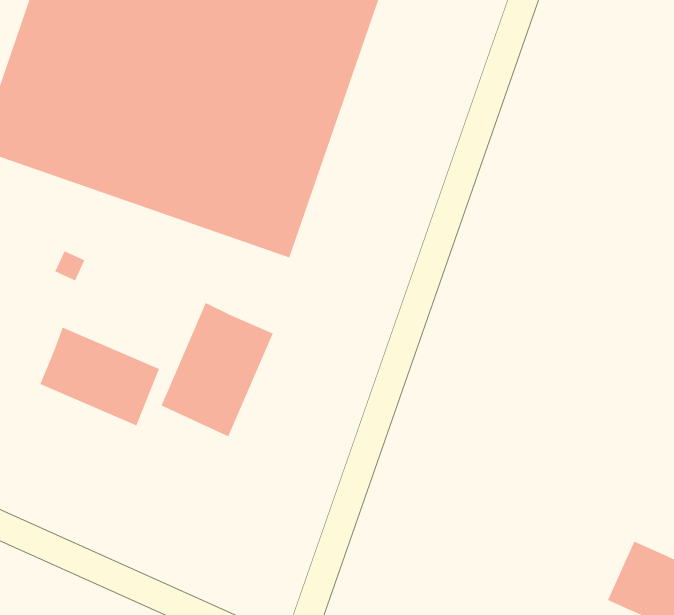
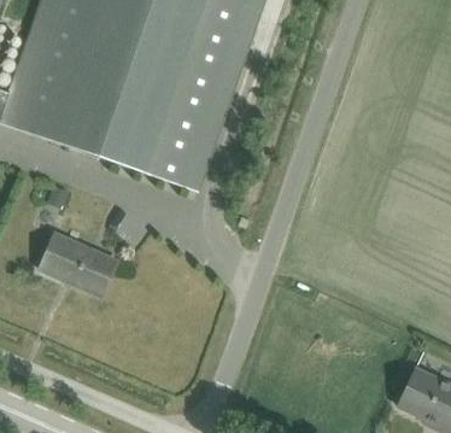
building: [161,302,273,437] -> none

